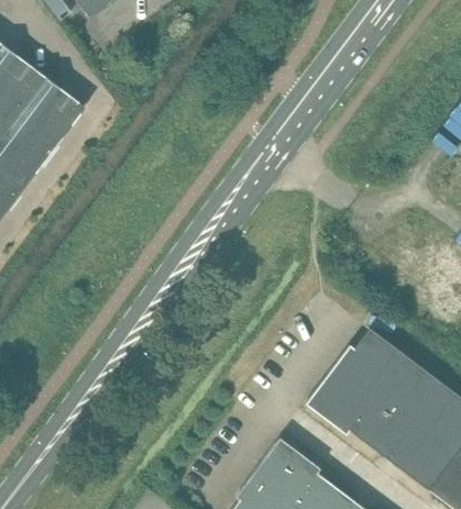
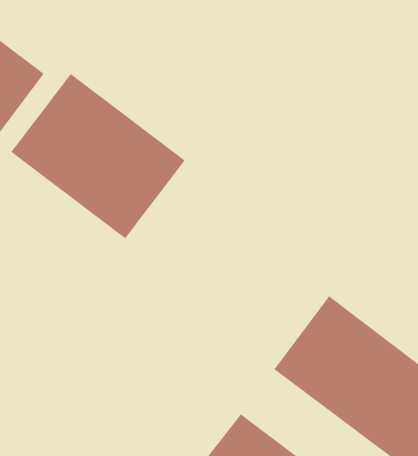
building: none -> [11,73,185,239]

